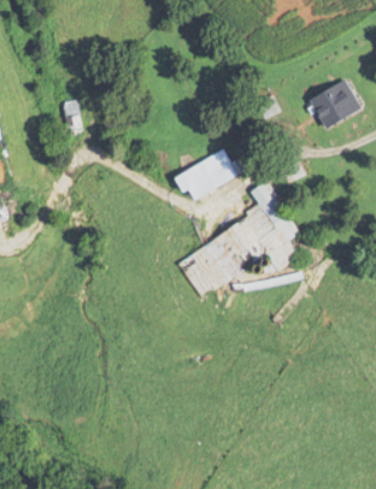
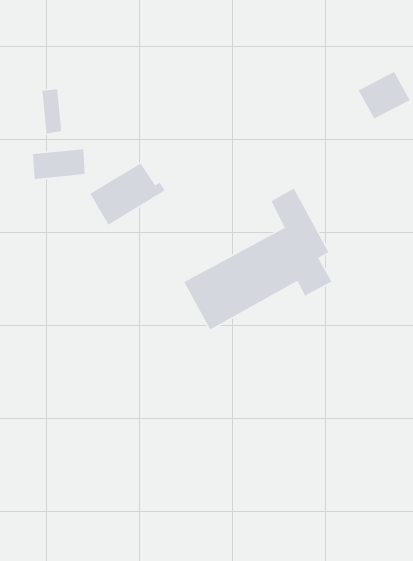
building: none -> [32,148,86,180]
building: [178,149,241,201] -> [89,162,166,226]

